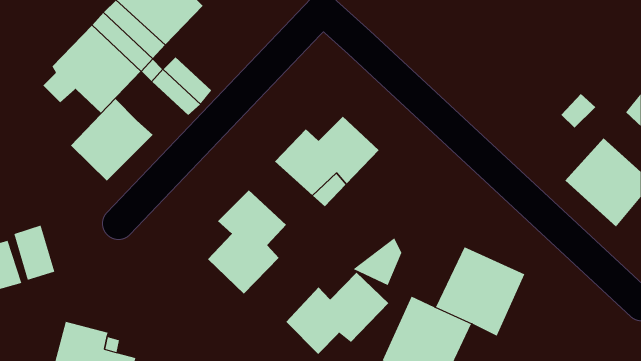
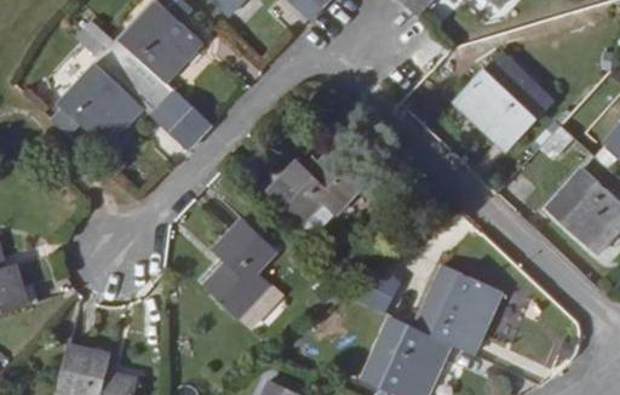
building: none -> [453,51,553,150]
building: [70,98,153,182] -> none
building: [285,272,389,355] -> none

